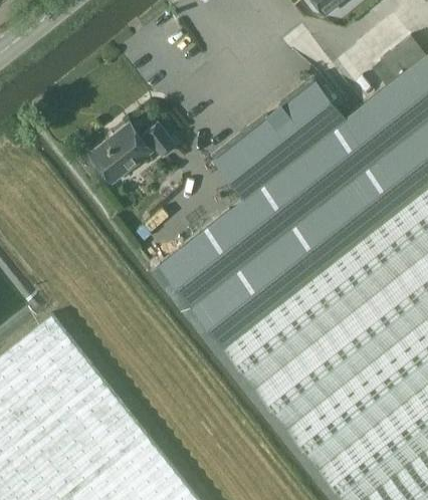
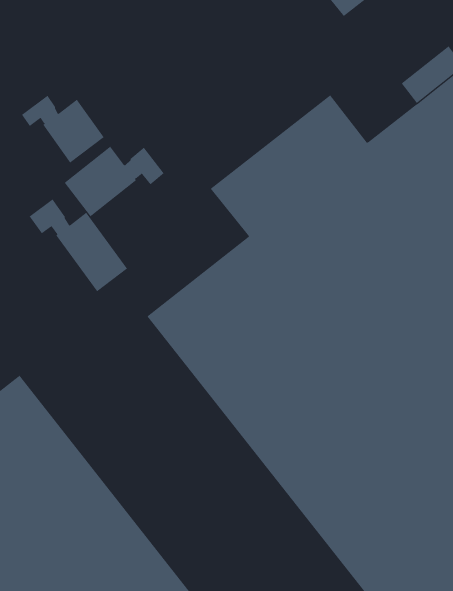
building: none -> [21,95,104,163]
building: none -> [29,199,128,292]

